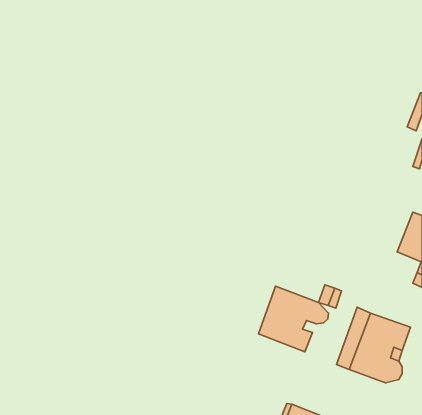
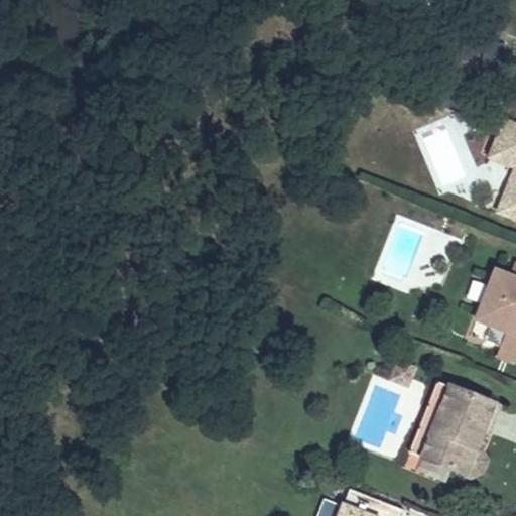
building: [259,286,329,352] -> none

